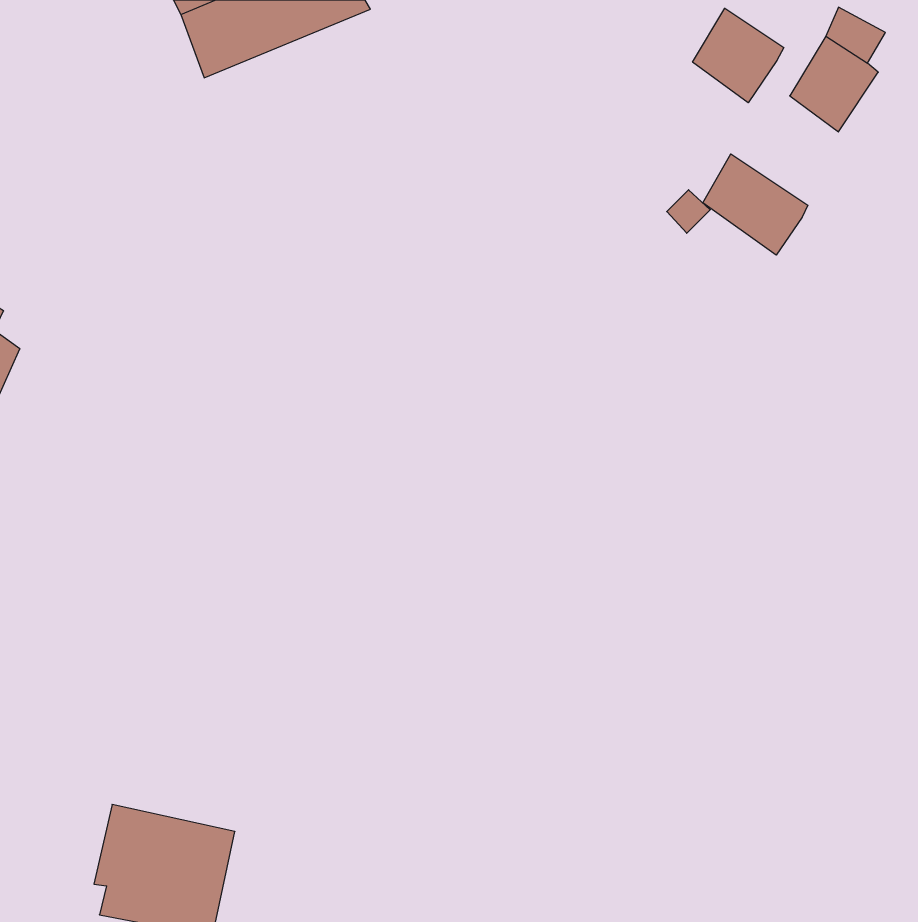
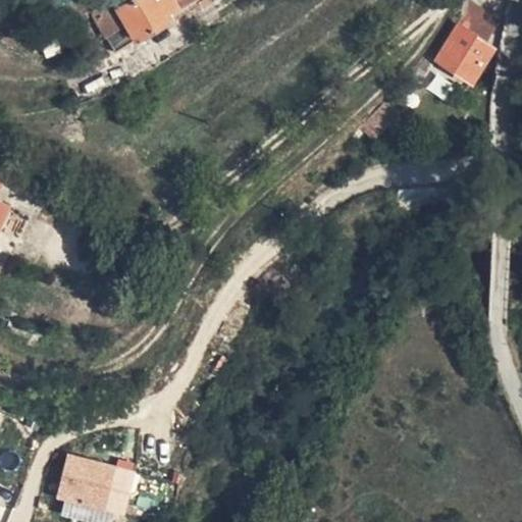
building: [693,8,784,103] -> none
building: [703,154,808,255] -> none

